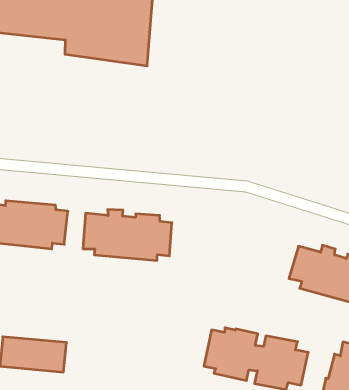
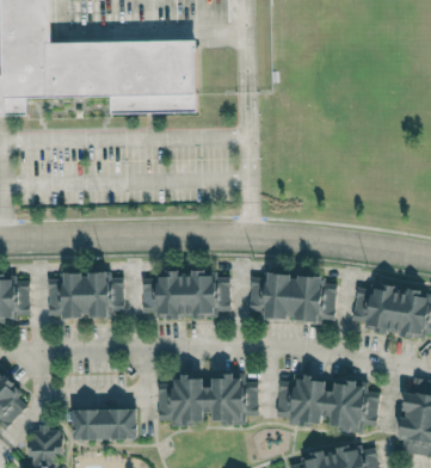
building: none -> [250,272,337,321]
building: none -> [155,372,260,426]

